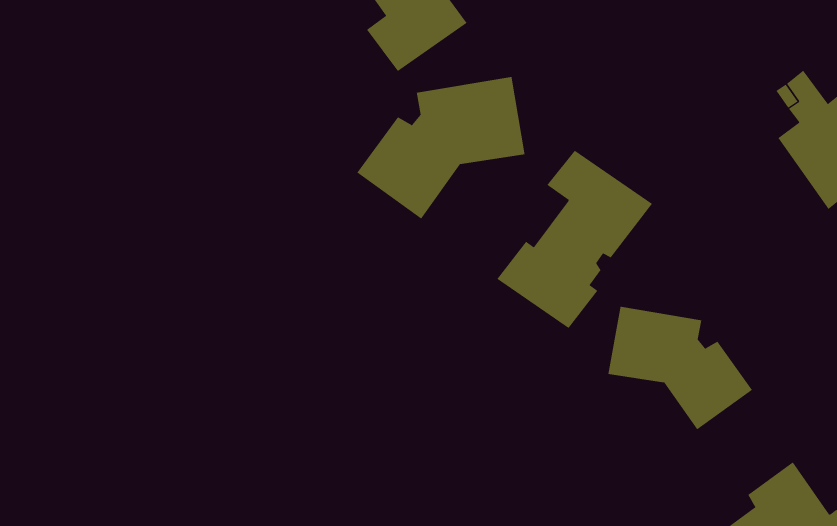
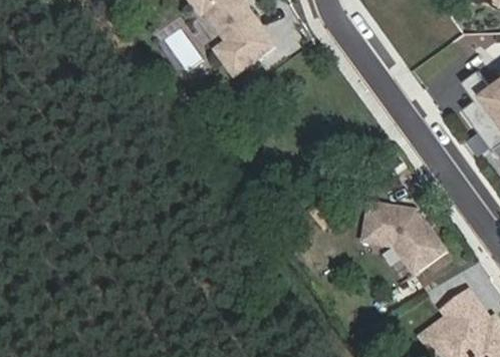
building: [356,76,525,219] -> none
building: [496,150,653,329] -> none

